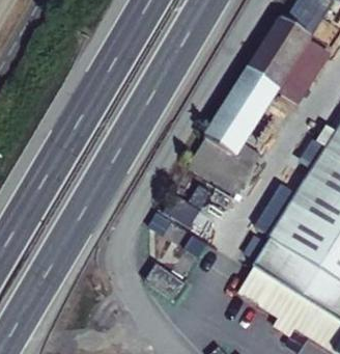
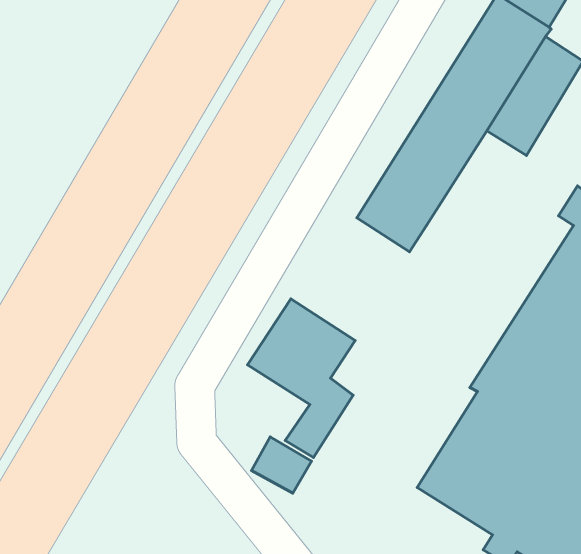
building: [191,140,260,194] -> none

